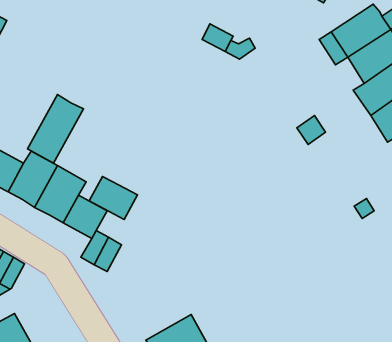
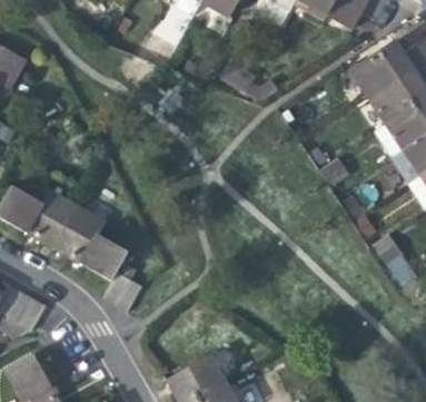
building: [28,94,84,163] -> none
building: [89,177,137,219] -> none

